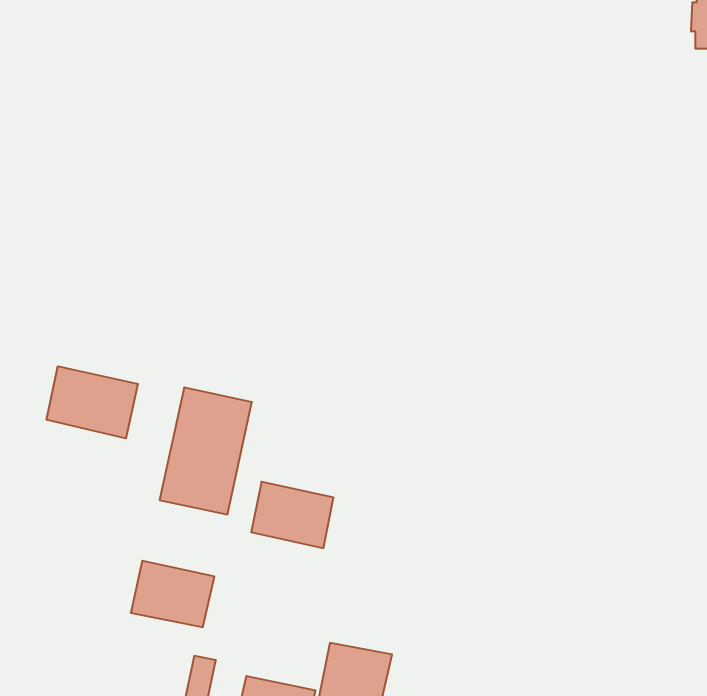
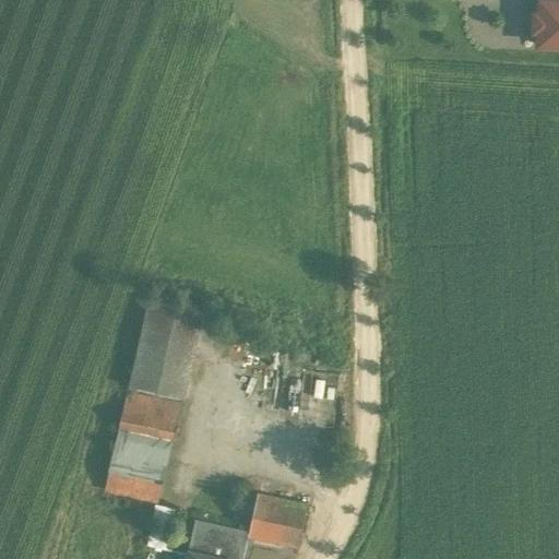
building: [47,366,138,438] -> none
building: [251,482,334,548] -> [117,395,179,445]
building: none -> [104,473,163,503]

